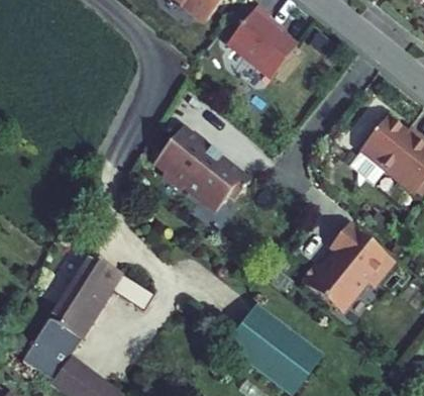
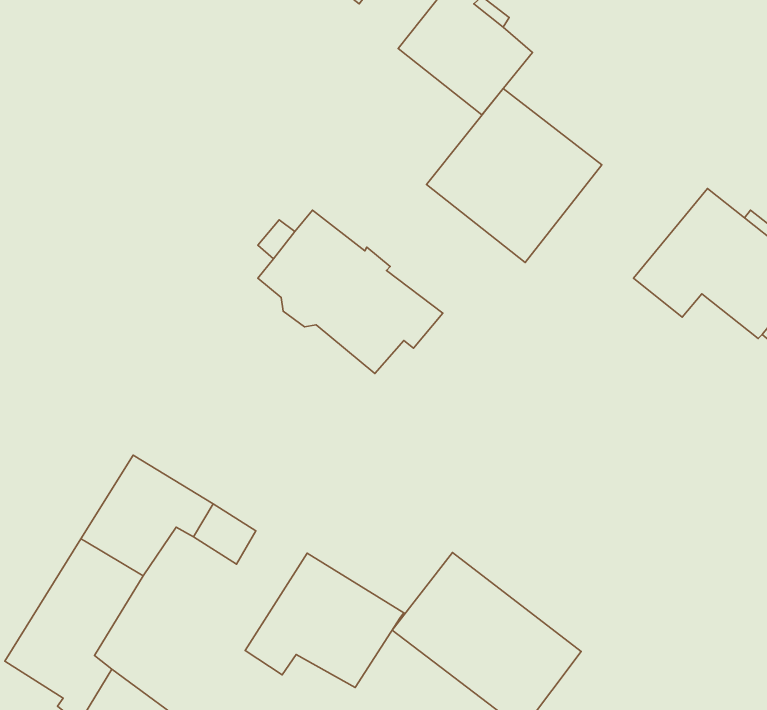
building: none -> [426,89,602,263]
building: [301,223,392,308] -> none
building: none -> [245,553,404,688]

